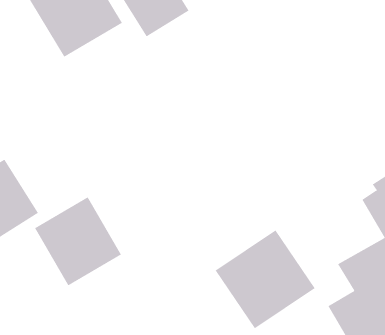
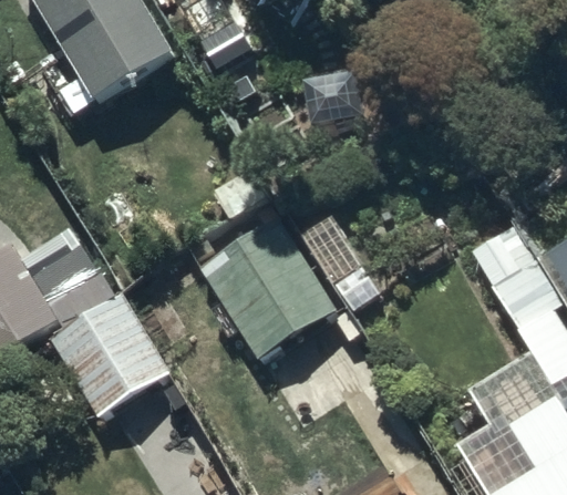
building: none -> [203,219,336,358]
building: [215,229,315,329] -> none

